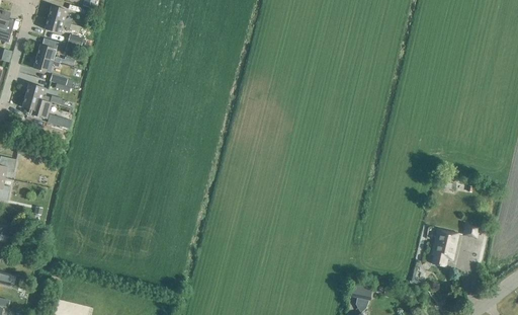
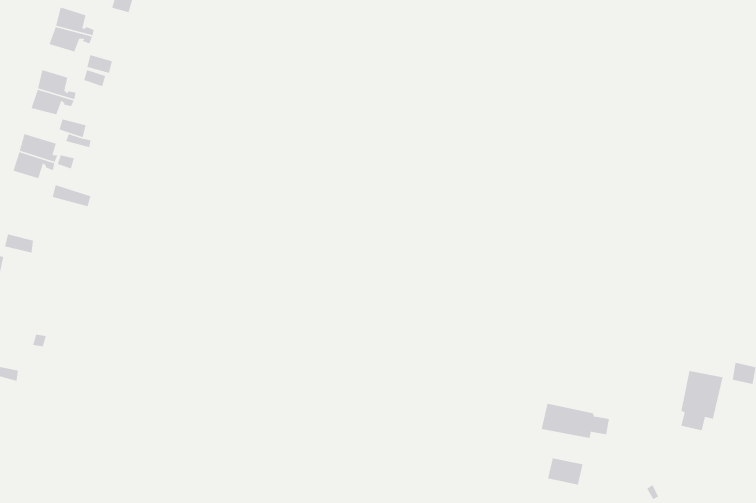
building: none -> [541,403,610,439]

